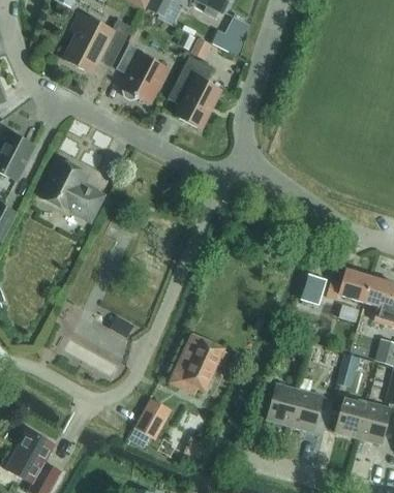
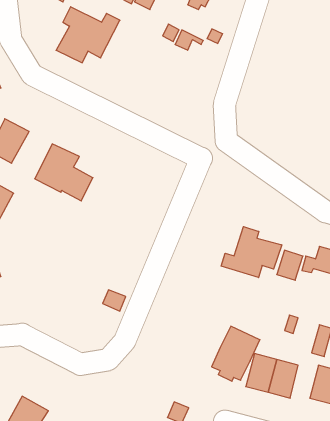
building: [117,42,168,102] -> none
building: [169,56,220,128] -> none
building: none -> [221,227,282,278]
building: [174,333,225,392] -> [212,326,260,381]
building: [133,397,173,439] -> none

